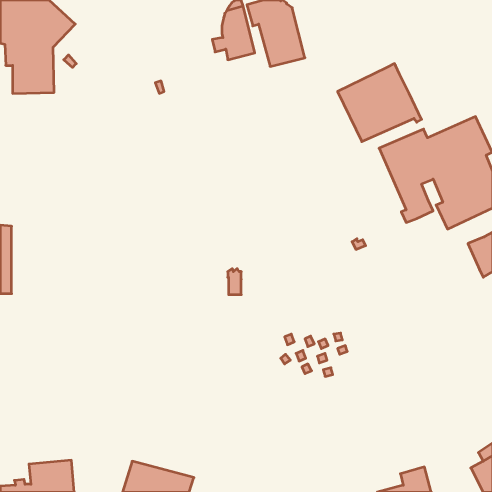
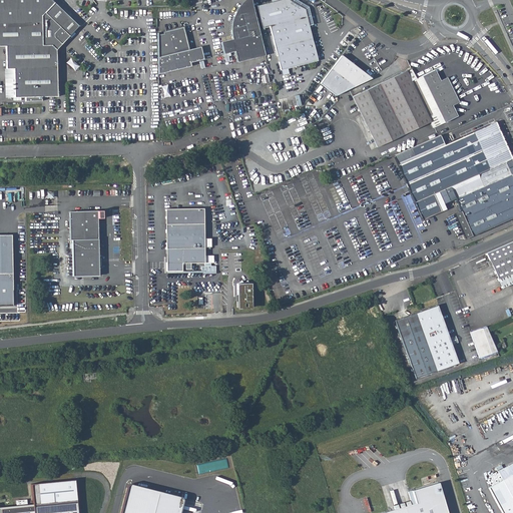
building: none -> [157,26,204,73]
building: none -> [320,54,372,95]
building: none -> [416,68,459,124]
building: none -> [166,208,205,272]
building: none -> [70,210,101,277]
building: none -> [396,306,459,379]
building: none -> [471,327,496,359]

